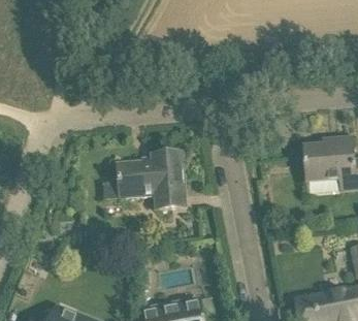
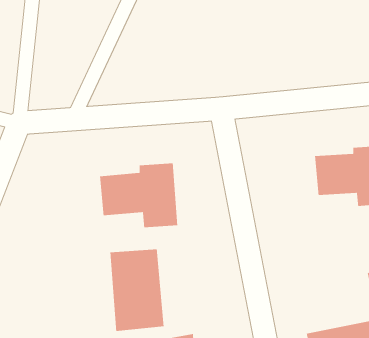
building: none -> [109,248,165,332]

